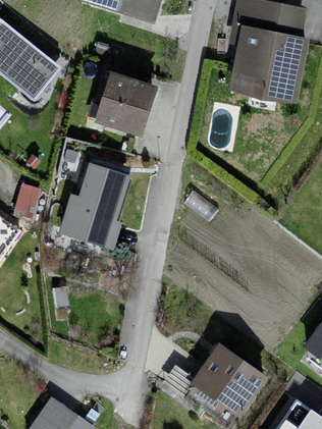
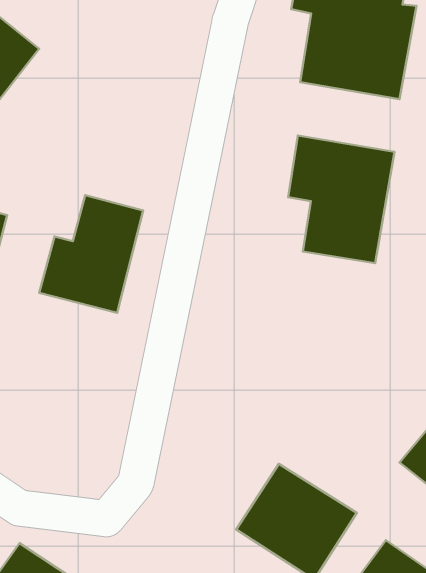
building: [99,74,157,133] -> none
building: none -> [288,135,394,263]

